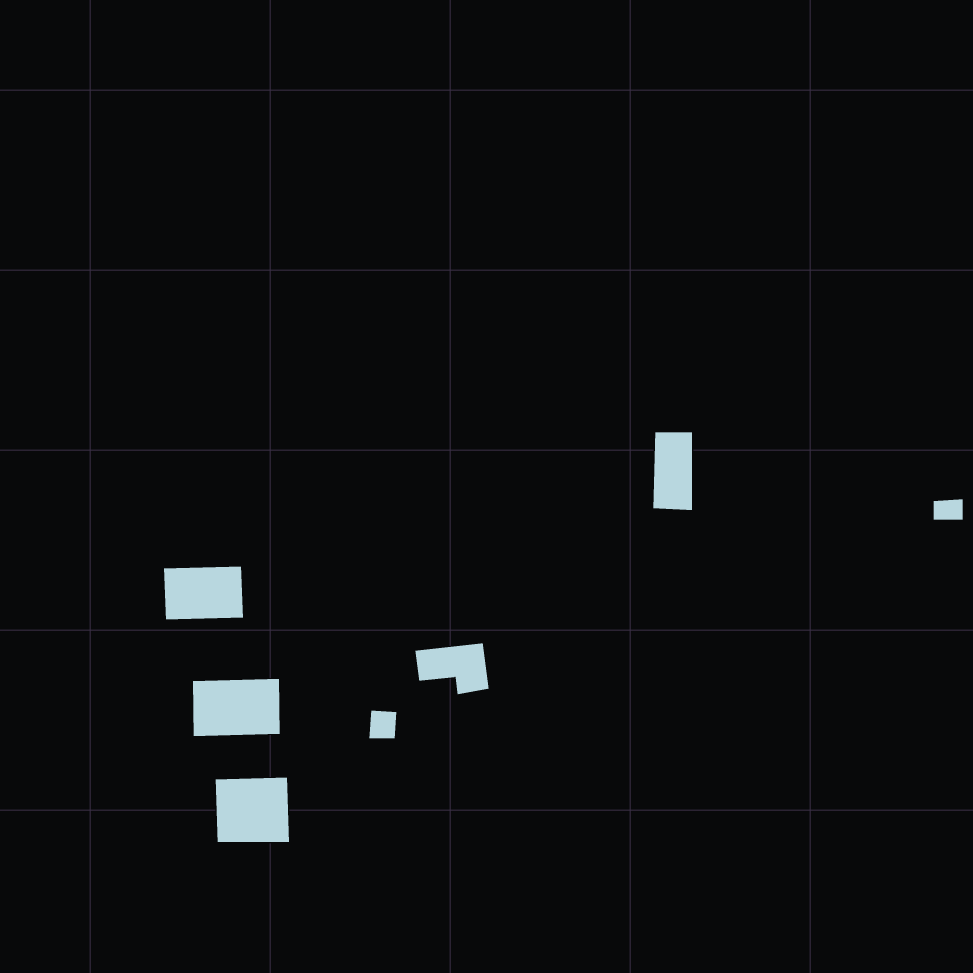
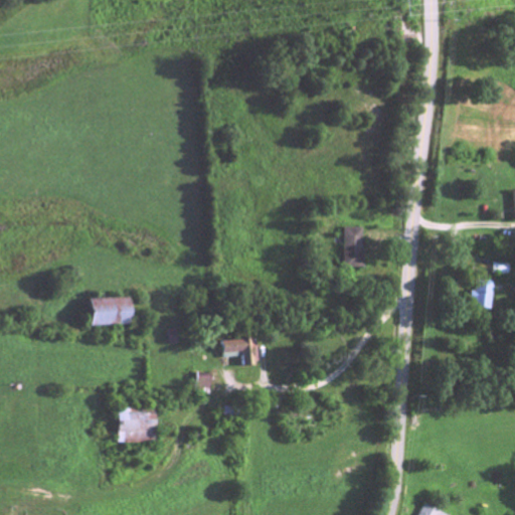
building: none -> [477,279,494,303]
building: [193,678,280,737] -> none

